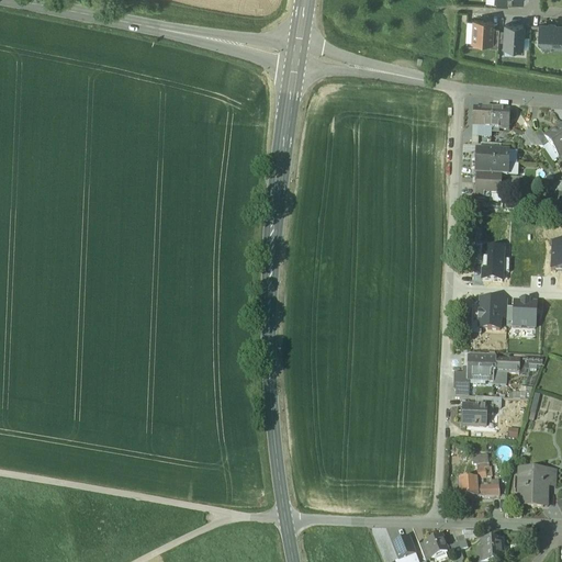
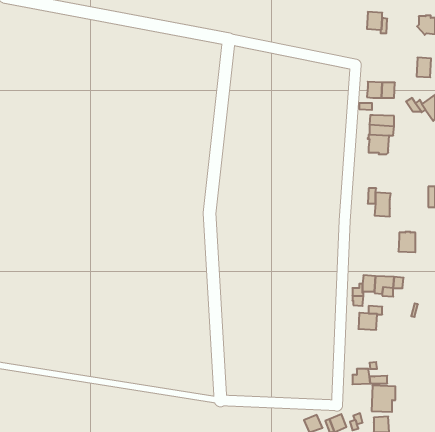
building: [505,20,524,45] -> [417,58,431,77]
building: [480,297,501,327] -> none
building: [517,470,548,504] -> [372,386,395,412]

